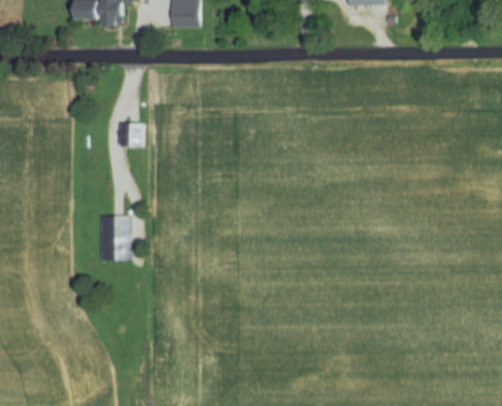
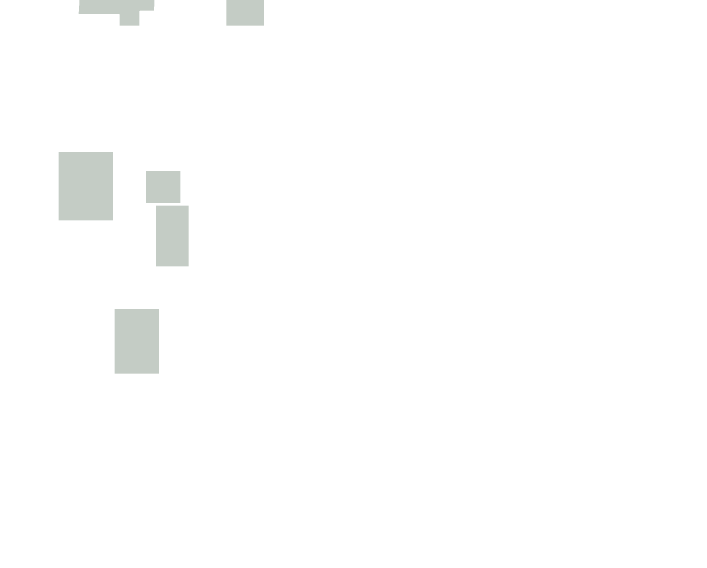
building: none -> [58,151,114,221]
building: none -> [155,205,189,267]

